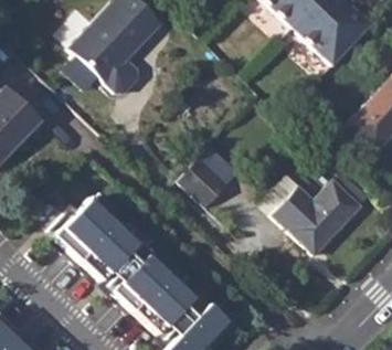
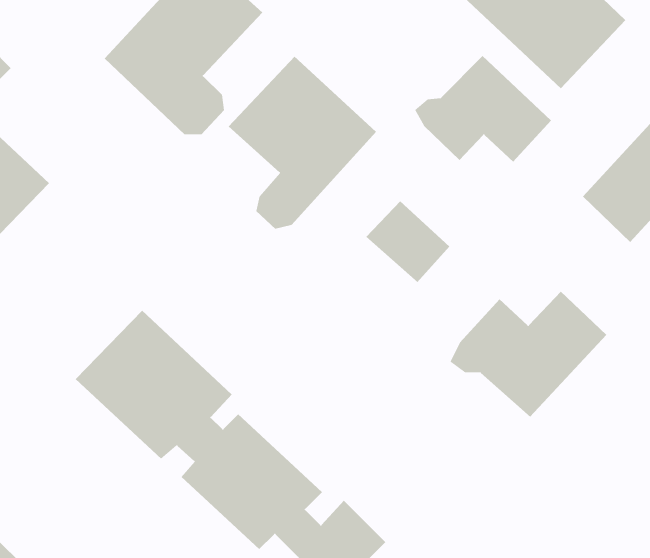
building: none -> [414,55,552,163]
building: none -> [228,56,377,230]
building: [178,159,226,206] -> [366,200,450,283]

